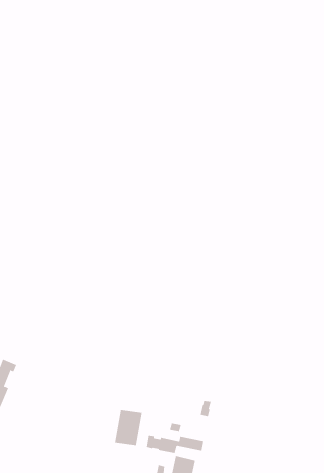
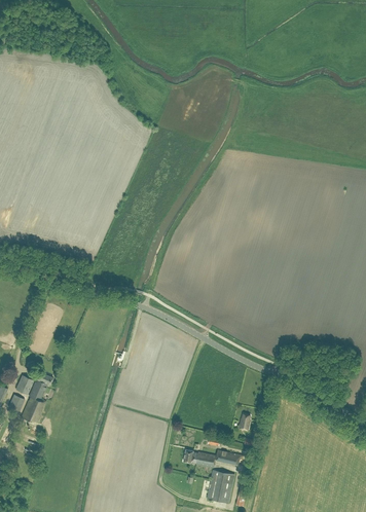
building: [114,409,142,446] -> none

